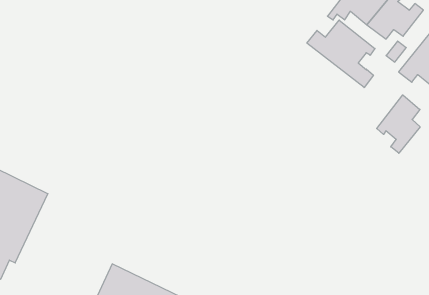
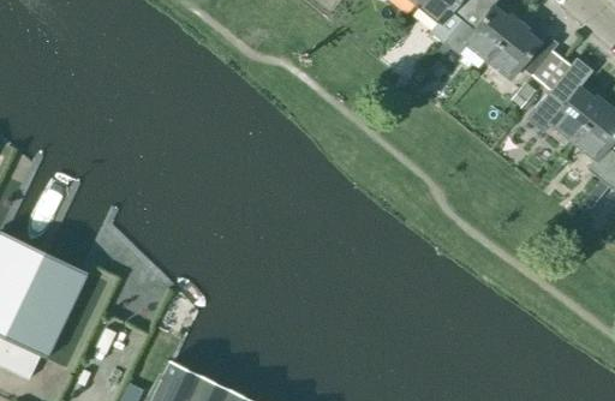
building: [307,20,375,88] -> none
building: [377,95,420,153] -> none

